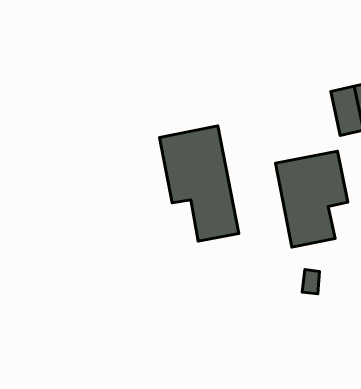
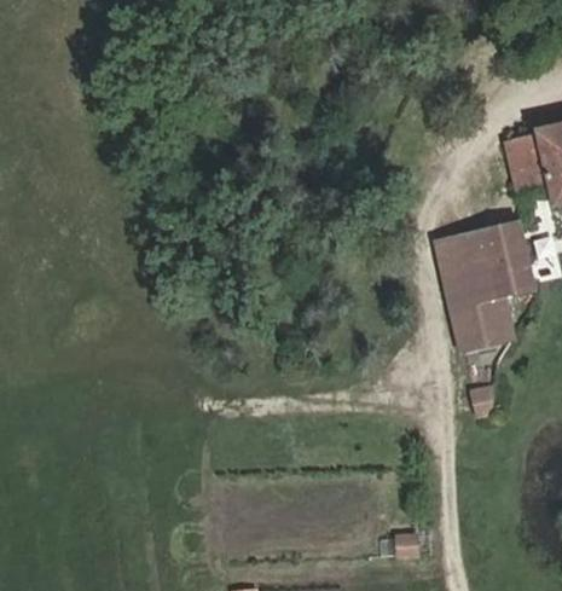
building: [160,126,239,241] -> none

